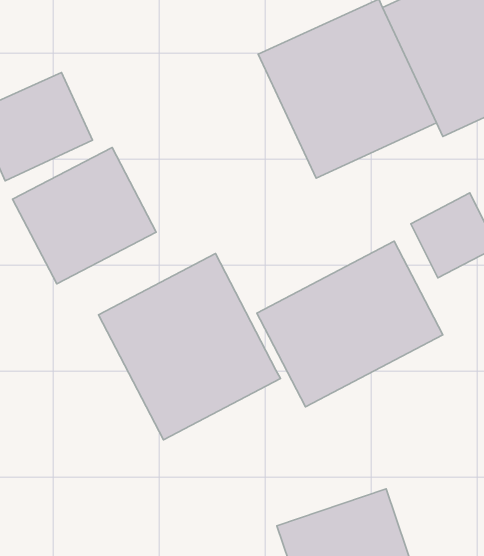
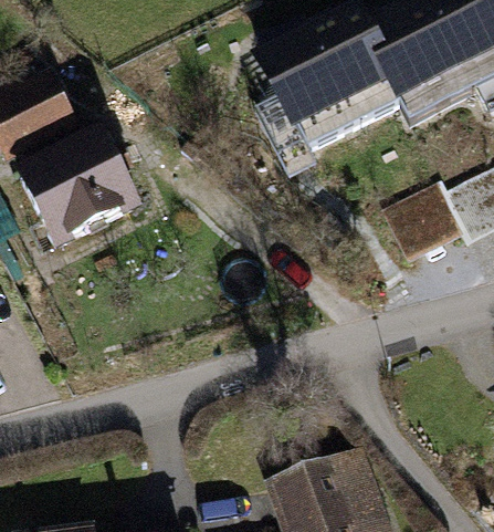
building: [257,241,443,407] -> none
building: [99,253,280,440] -> none

